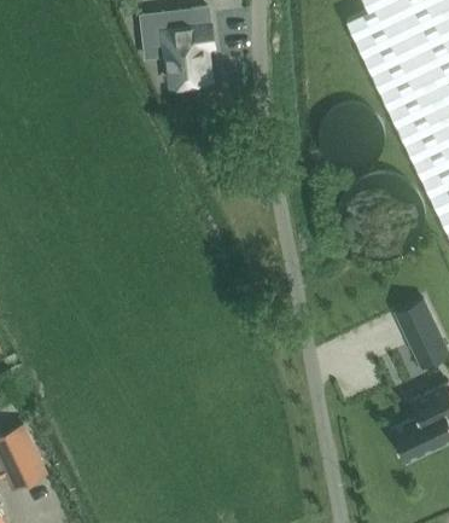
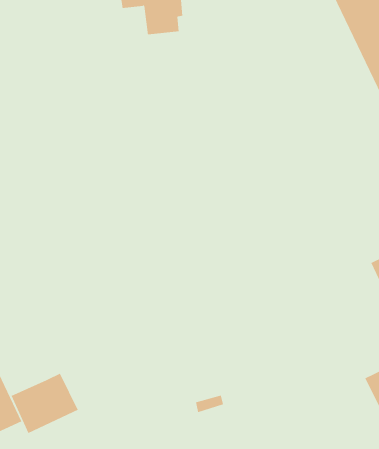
building: none -> [11,373,78,434]

